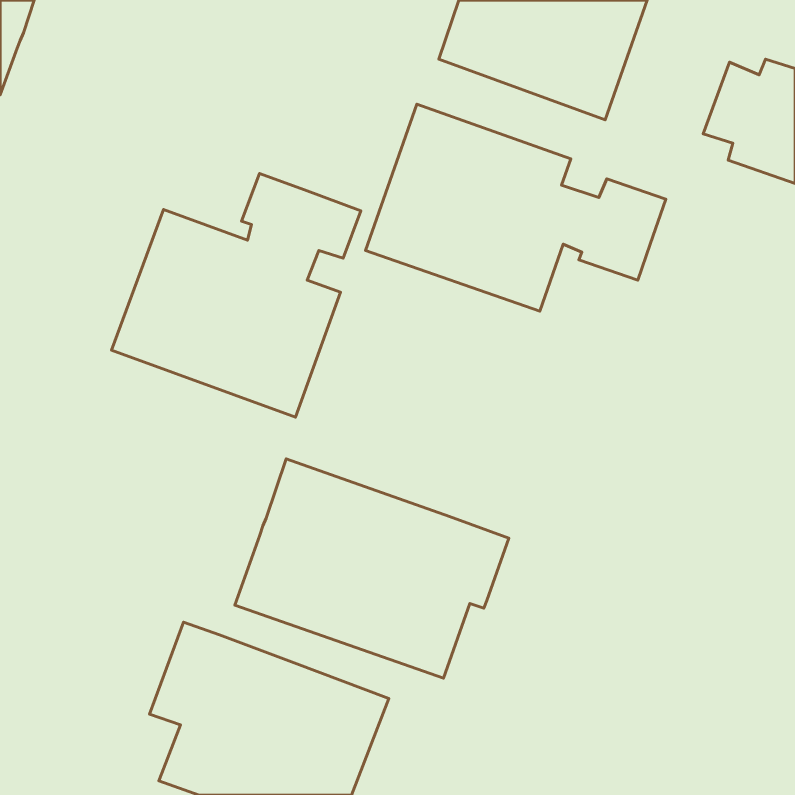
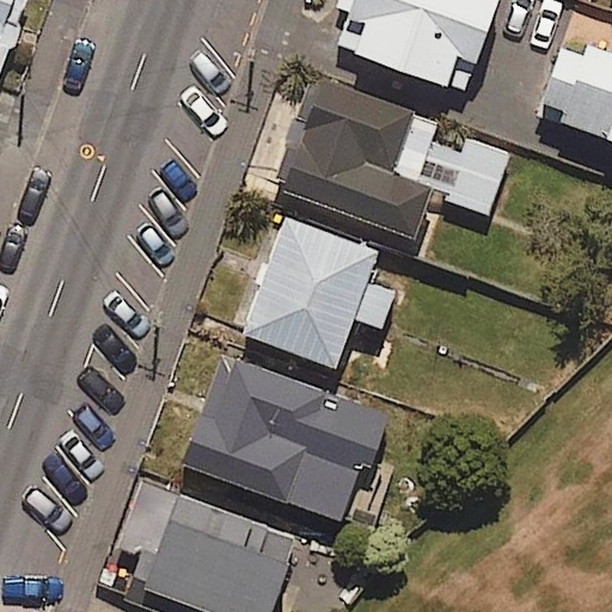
building: [112,174,361,417] -> none
building: none -> [243,218,396,368]

